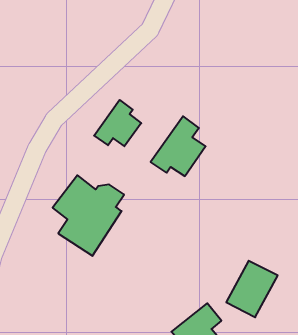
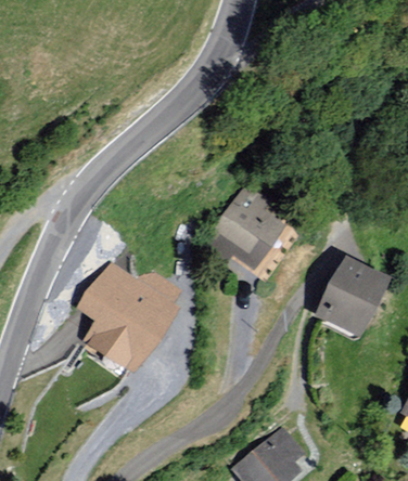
building: [94,100,141,146] -> none
building: [226,261,278,317] -> [319,258,386,332]

